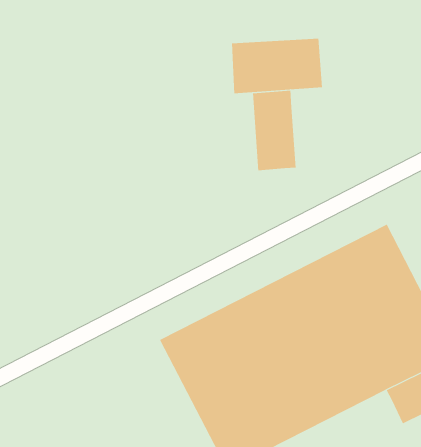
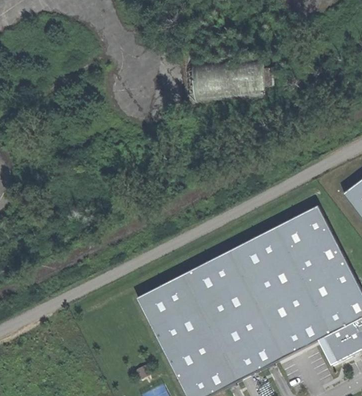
building: [252,90,296,171] -> none

